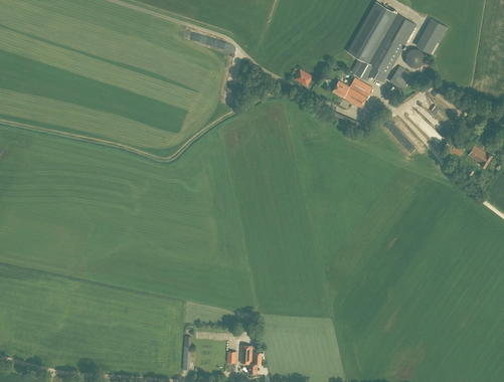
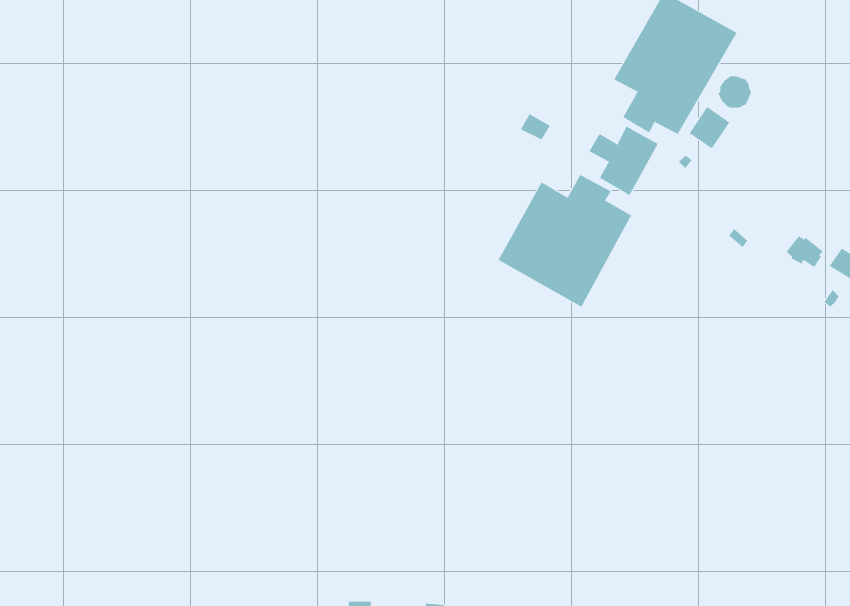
building: [417,17,447,52] -> none
building: none -> [498,174,632,307]

